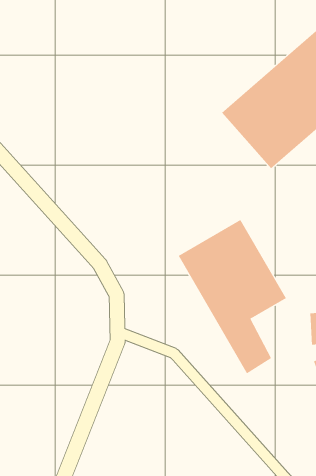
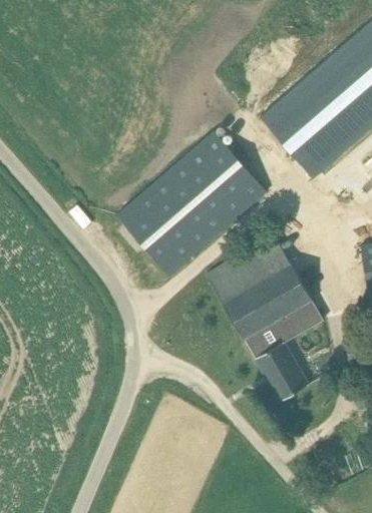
building: none -> [117,131,267,276]

